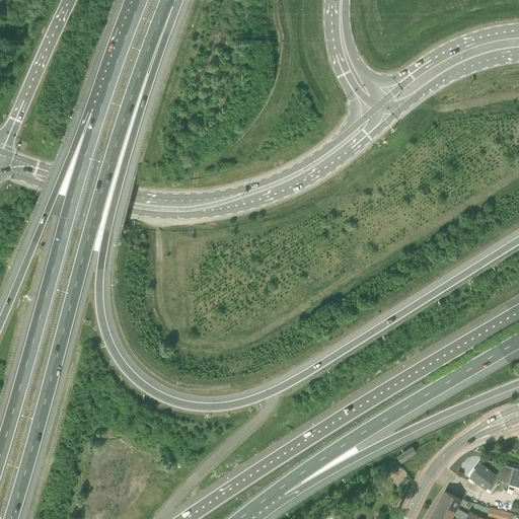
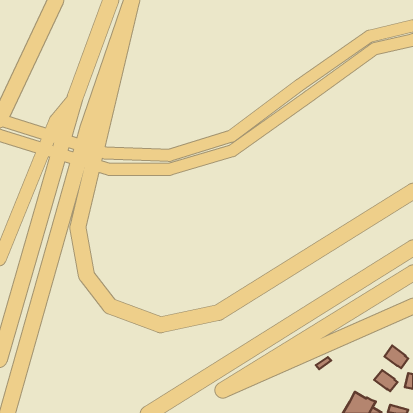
building: none -> [385,345,408,368]

